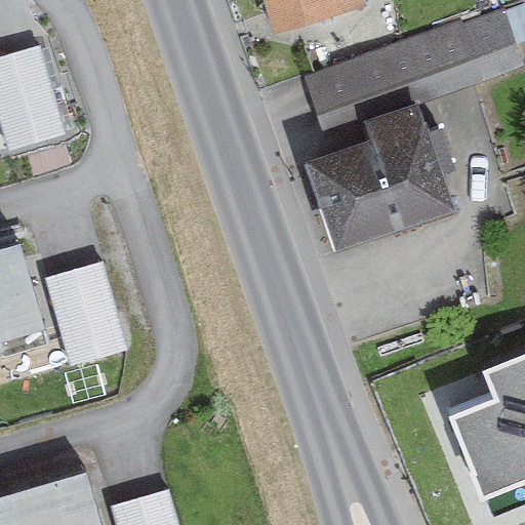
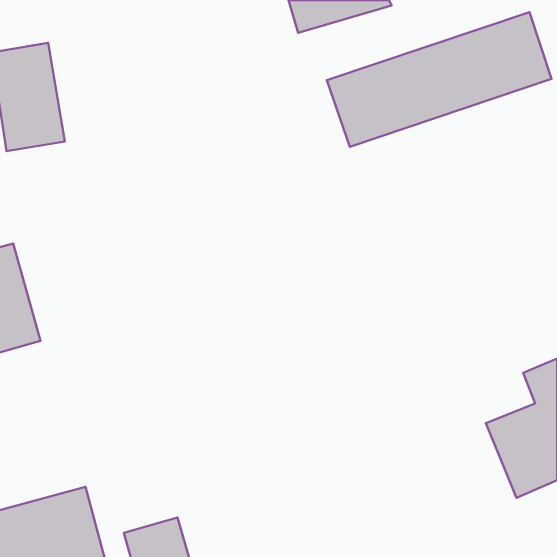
building: [315,113,459,248] -> none
building: [40,260,125,363] -> none

